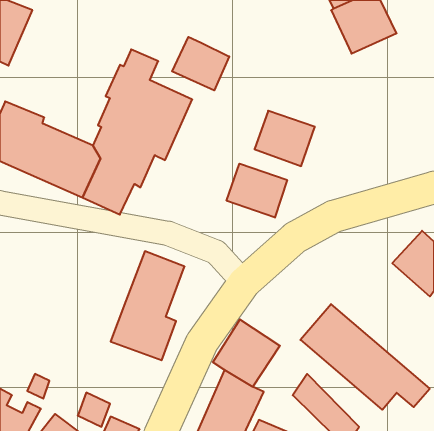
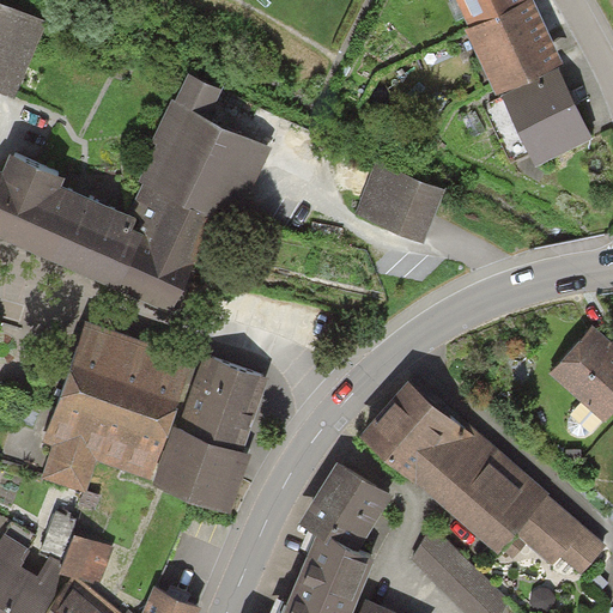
building: [172,37,229,90] -> none
building: none -> [500,66,591,163]
building: [227,164,287,218] -> none
building: none -> [47,327,194,492]
building: none -> [365,384,466,484]
building: [78,393,110,427] -> [63,538,109,585]

